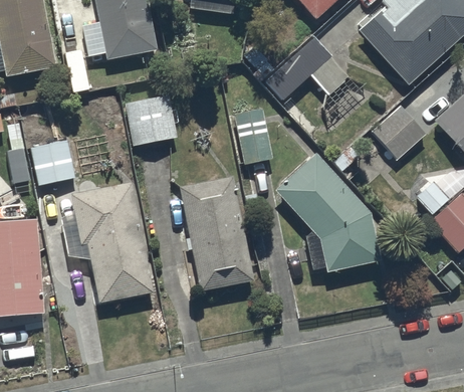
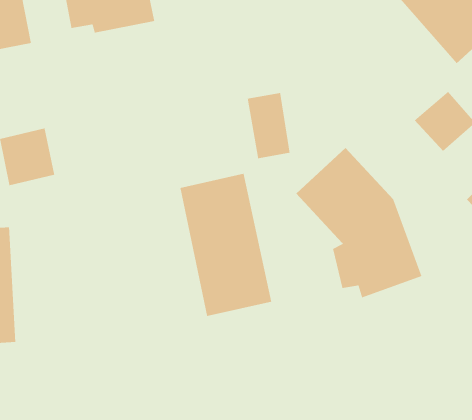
building: [263,36,337,100] -> none
building: [125,93,179,145] -> none
building: [71,181,155,303] -> none

